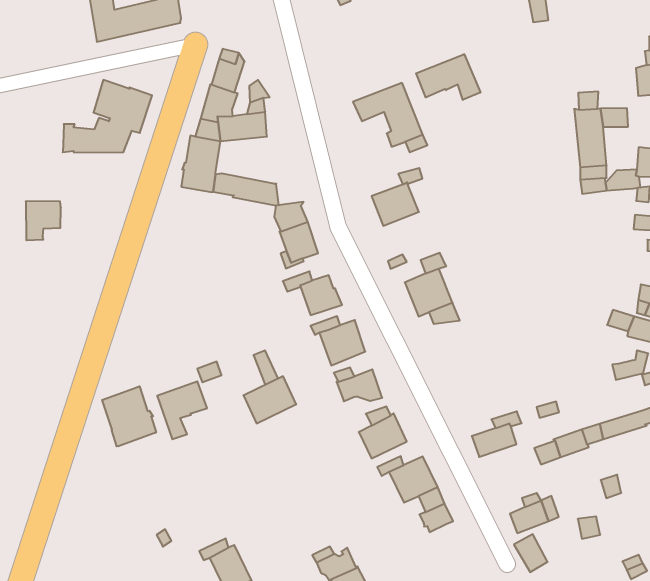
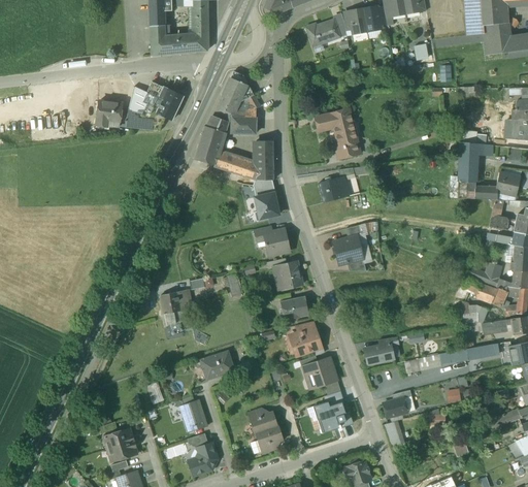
building: [416,54,480,100] -> none
building: none -> [256,140,273,180]
building: [26,201,61,240] -> [96,100,122,127]
building: [243,376,296,423] -> [200,351,234,380]
building: [102,386,156,446] -> none
building: none -> [316,402,352,428]

